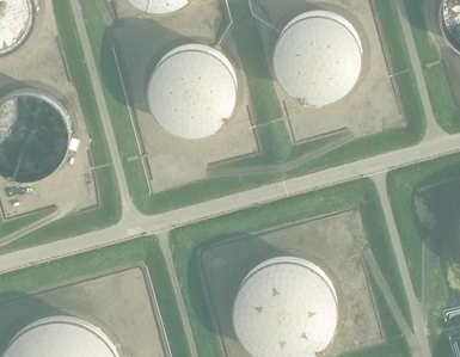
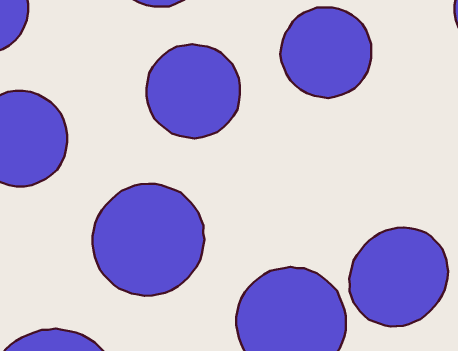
building: none -> [92,184,205,296]
building: none -> [349,227,448,326]

